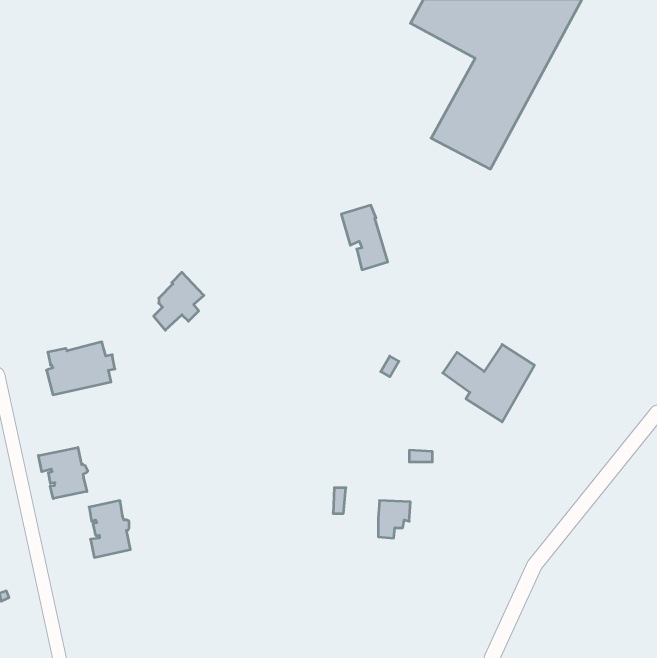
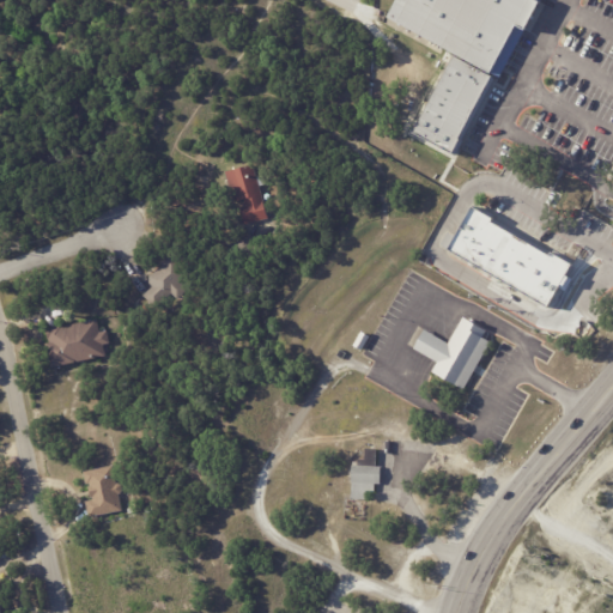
building: [341,205,388,270] -> [224,164,267,224]
building: none -> [439,205,572,306]
building: [38,447,88,499] -> none

